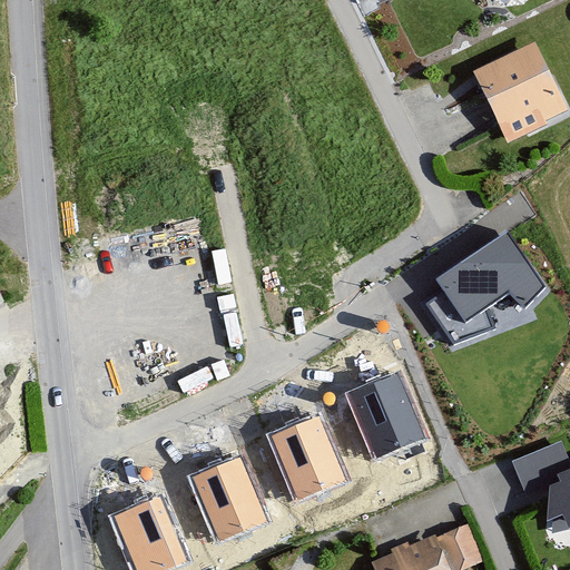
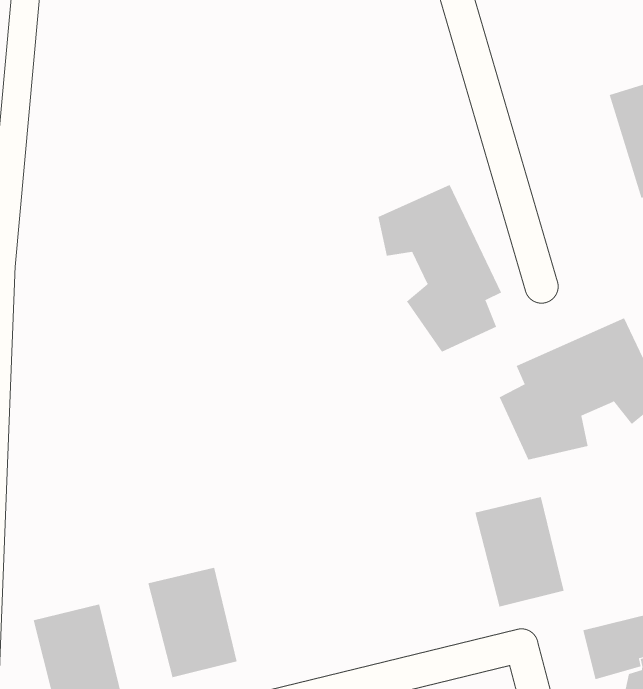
building: none -> [378,184,502,352]
building: [348,373,422,458] -> [475,496,564,607]
building: [272,416,345,501] -> none

